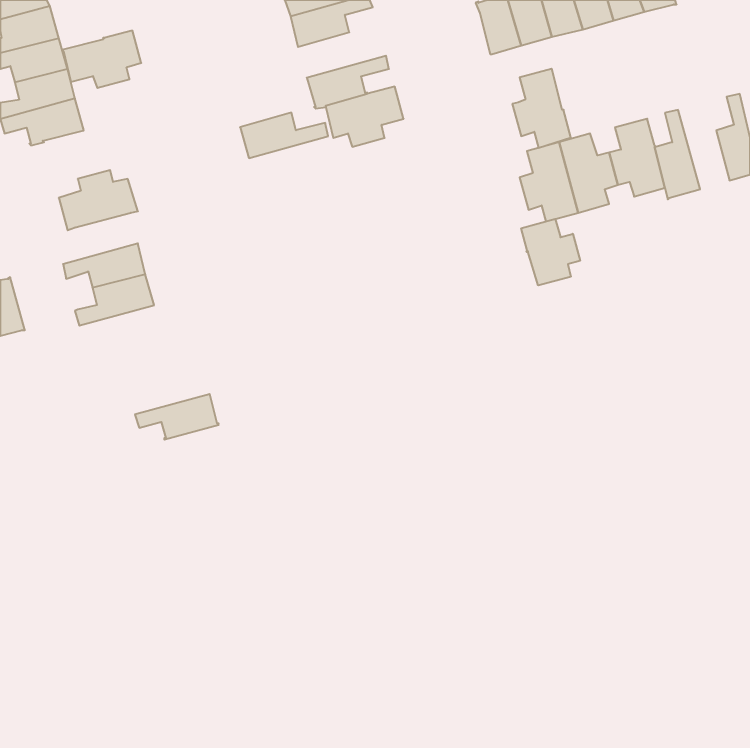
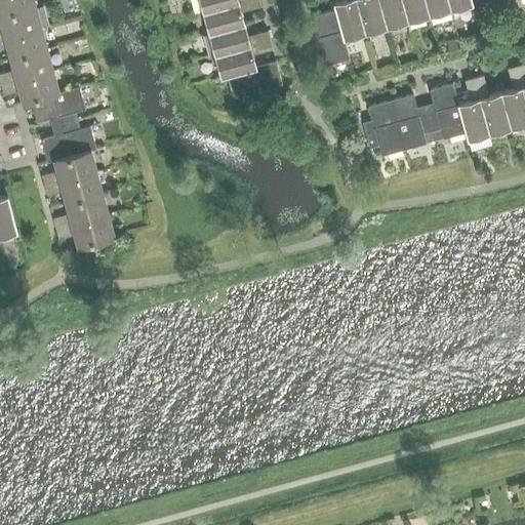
building: [62,31,141,88] -> [30,86,85,126]
building: [512,69,571,148] -> [308,10,349,66]
building: none -> [474,76,510,133]
building: [240,113,328,158] -> [208,24,270,55]
building: none -> [41,150,96,186]
building: [521,219,580,285] -> none
building: [135,394,219,440] -> [55,214,114,246]

